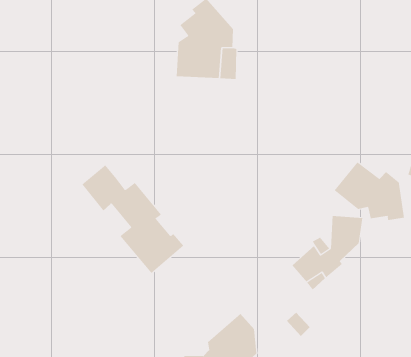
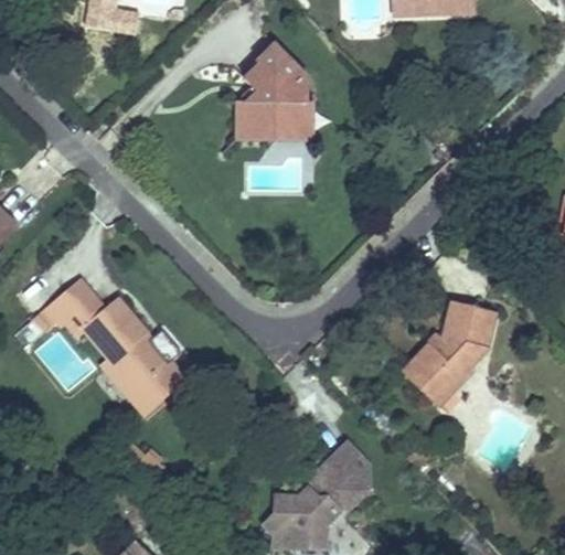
building: [334,161,405,221] -> none
building: [81,164,184,274] -> [49,275,185,413]

